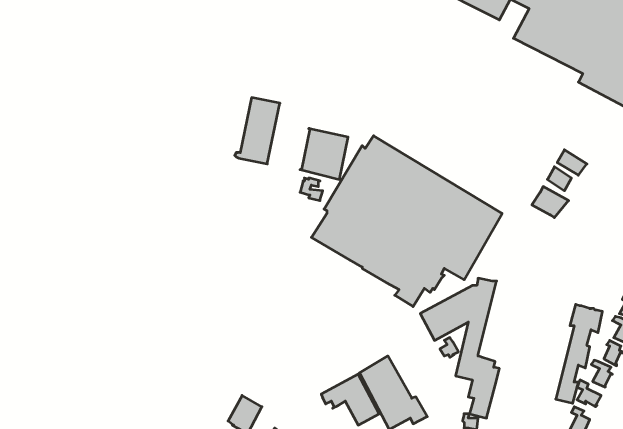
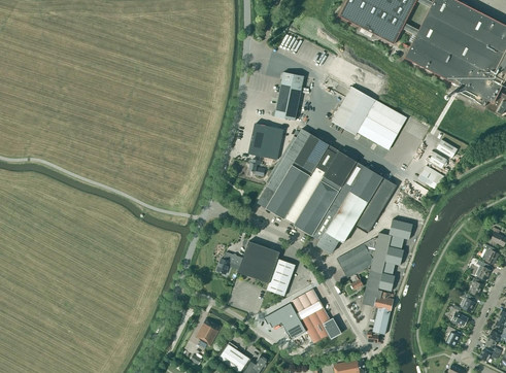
building: none -> [324,73,407,149]
building: [235,98,280,164] -> [271,71,304,120]
building: none -> [216,240,295,296]
building: [556,304,602,403] -> [378,218,412,291]

